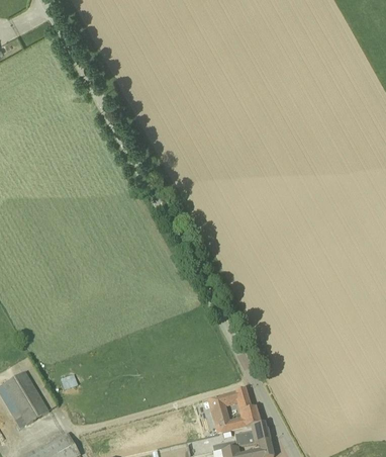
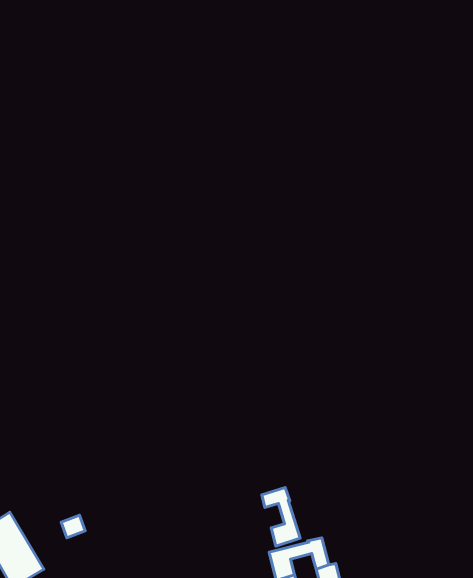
building: none -> [262,487,300,546]

